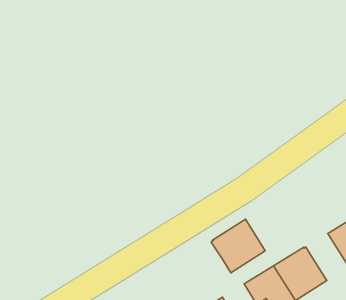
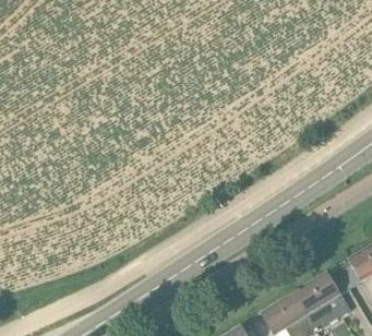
building: [211,219,265,273] -> none

